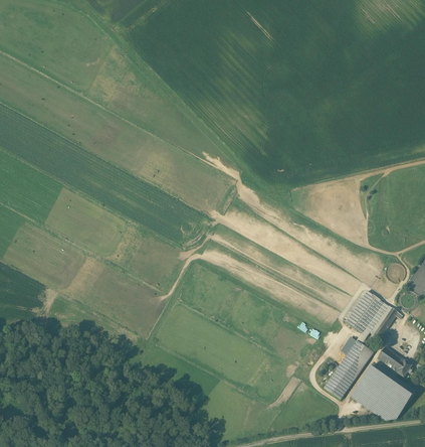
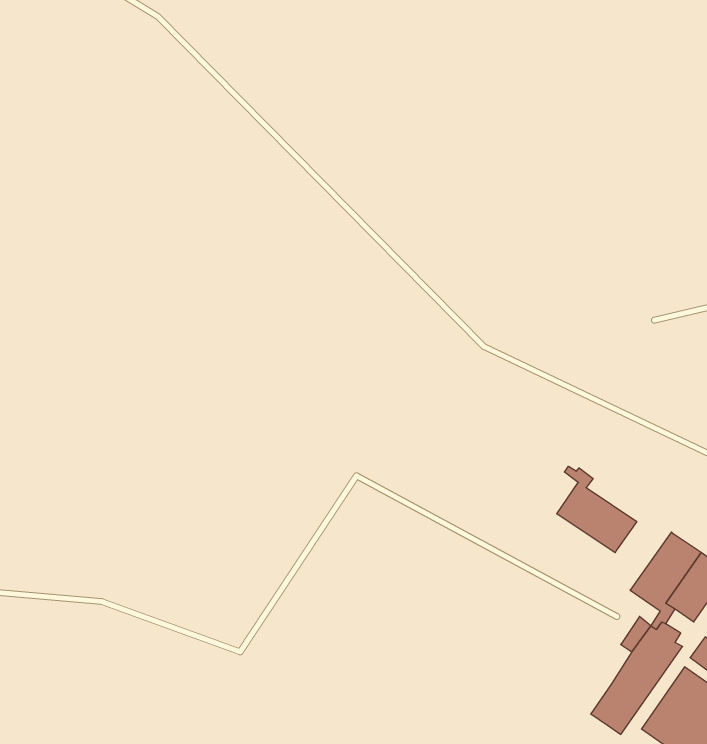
building: none -> [557,466,637,553]

